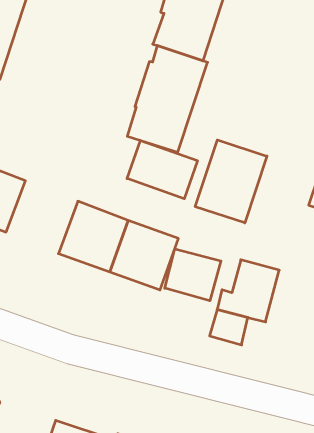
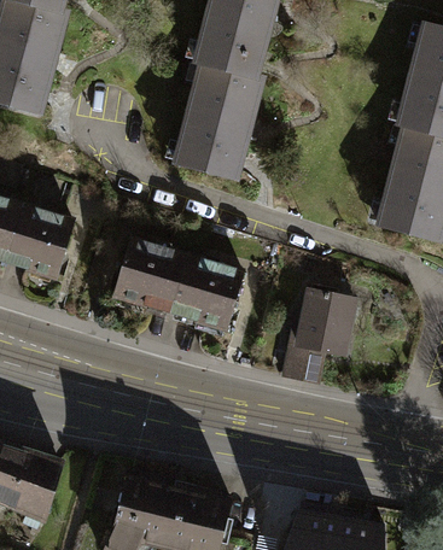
building: [195,140,267,223] -> none
building: [127,140,197,199] -> none
building: [165,249,221,301] -> none

